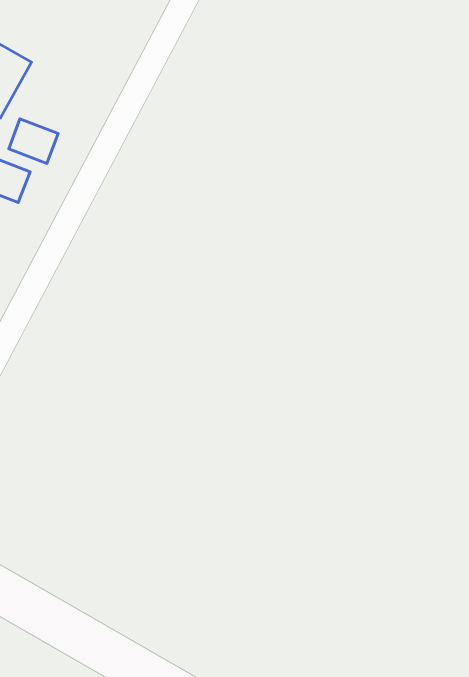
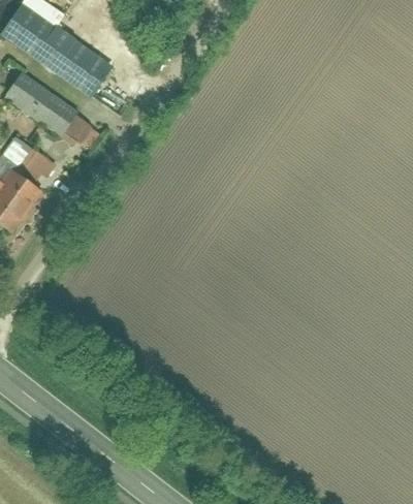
building: [9,119,58,163] -> none

